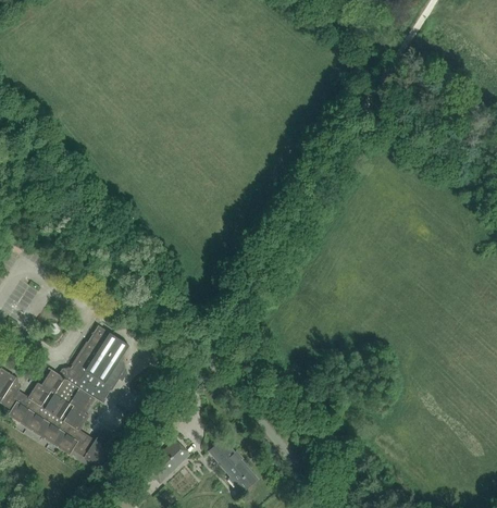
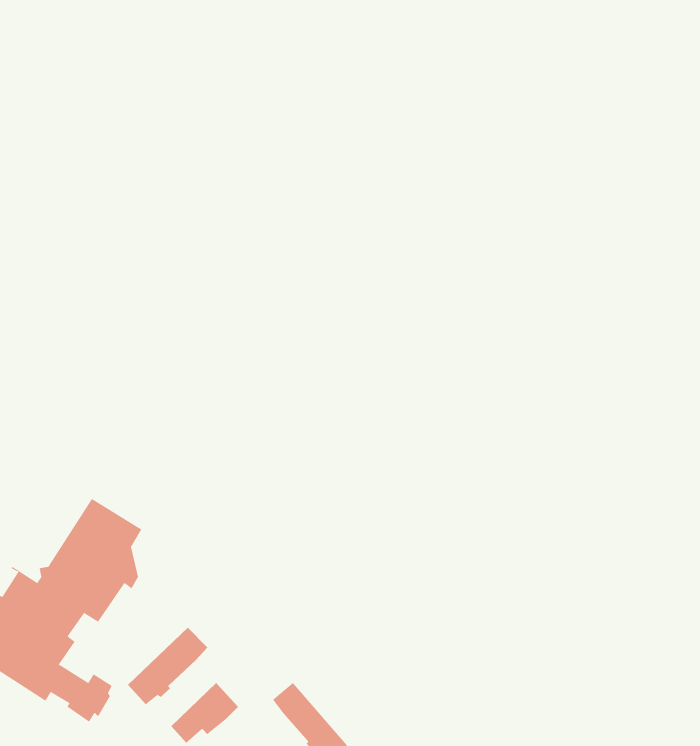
building: none -> [127,627,208,705]

